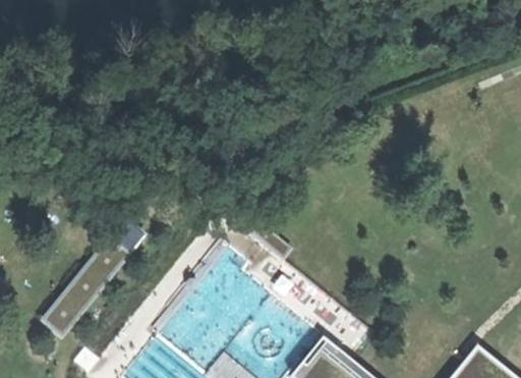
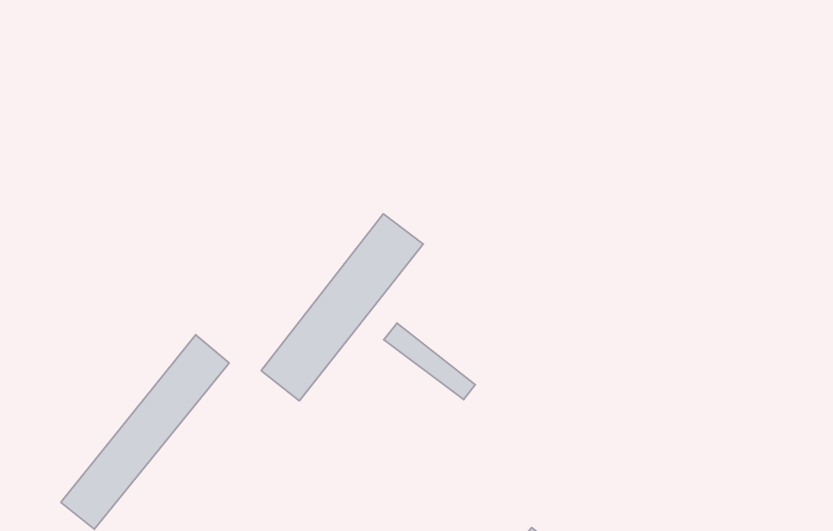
building: none -> [261,214,423,401]

